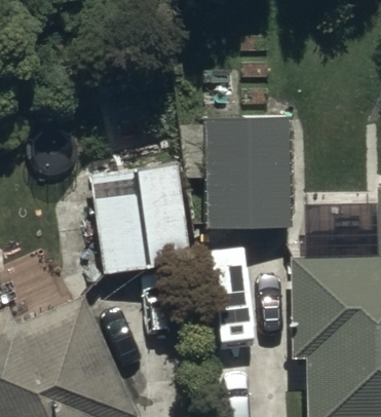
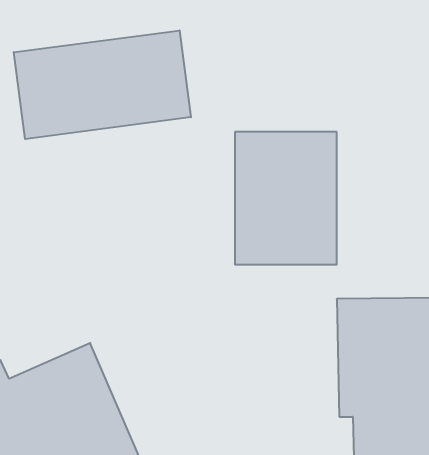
building: none -> [14,30,191,139]
building: [90,153,190,276] -> none

